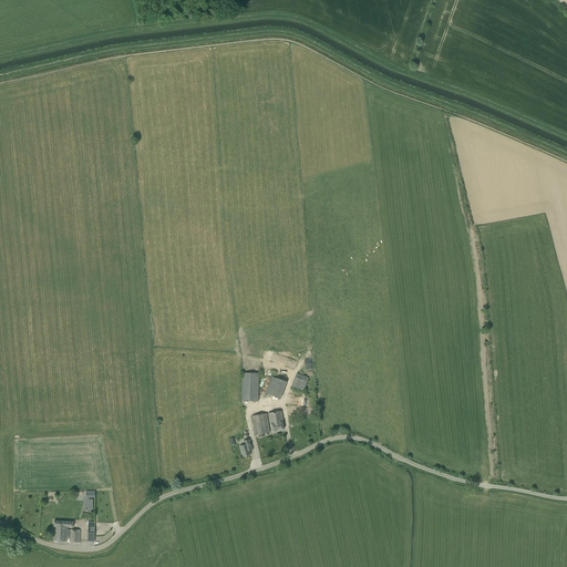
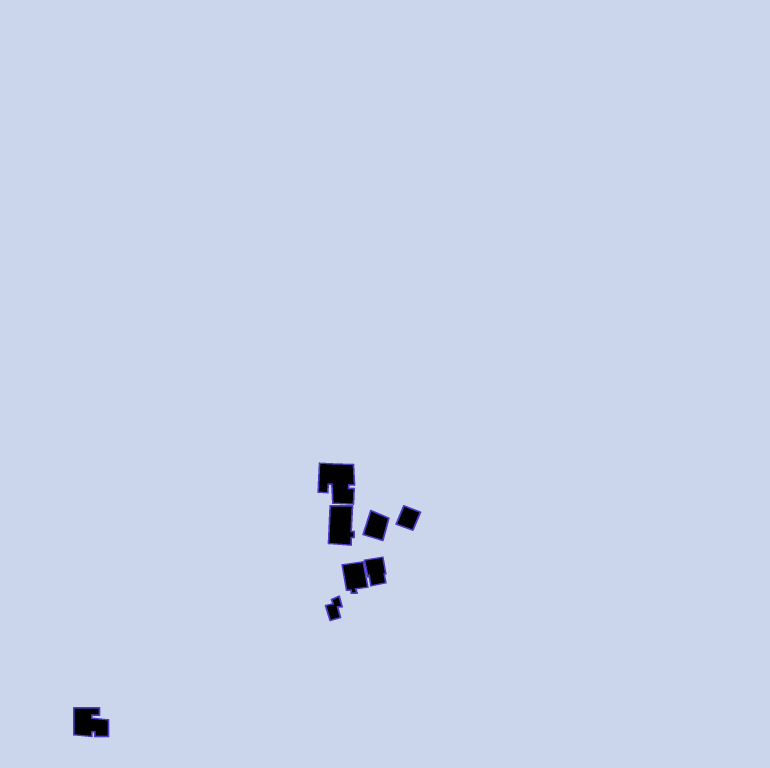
building: none -> [318,463,354,504]

